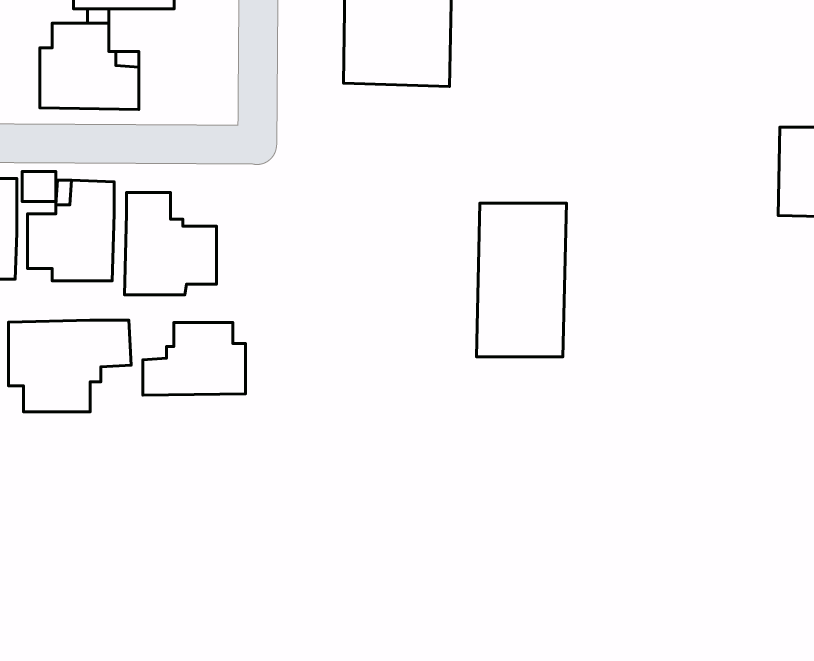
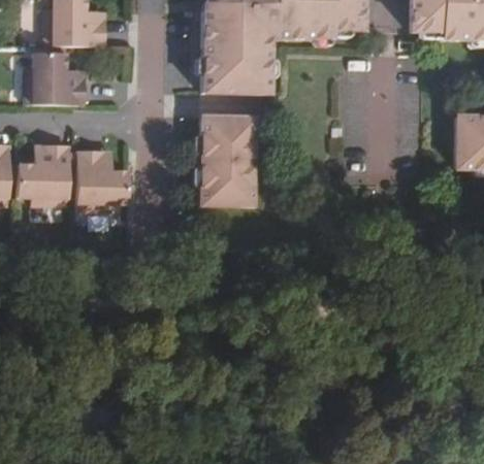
building: [476,203,566,357] -> [201,114,254,204]
building: [8,320,131,412] -> none
building: [143,323,246,395] -> none

